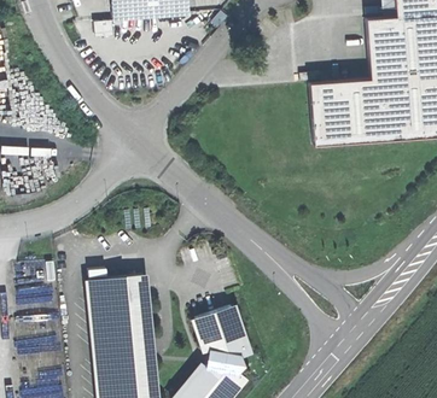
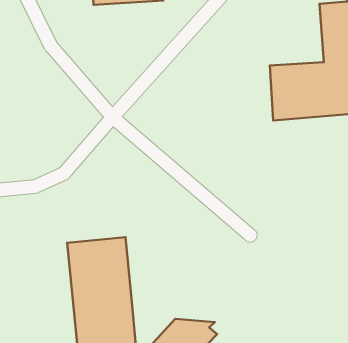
building: [188,306,249,365] -> none

